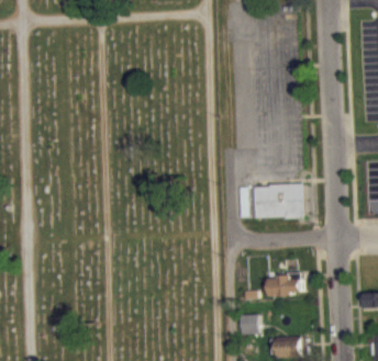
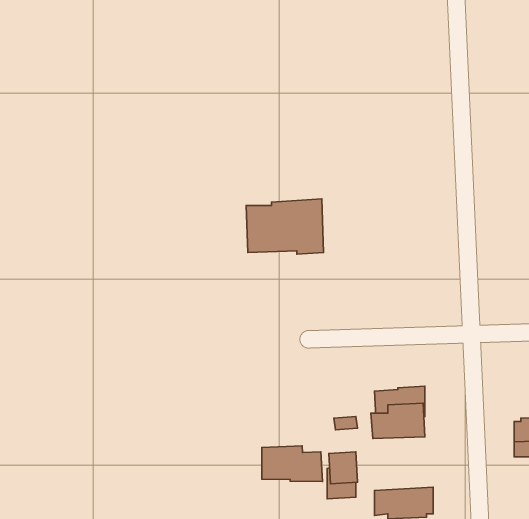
building: [254,182,304,218] -> [246,199,324,254]
building: none -> [262,446,323,482]

